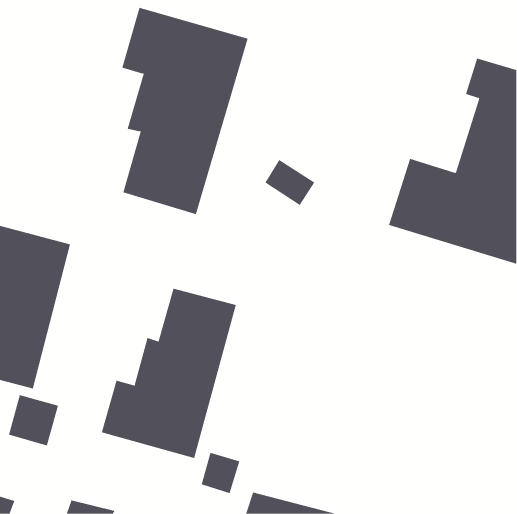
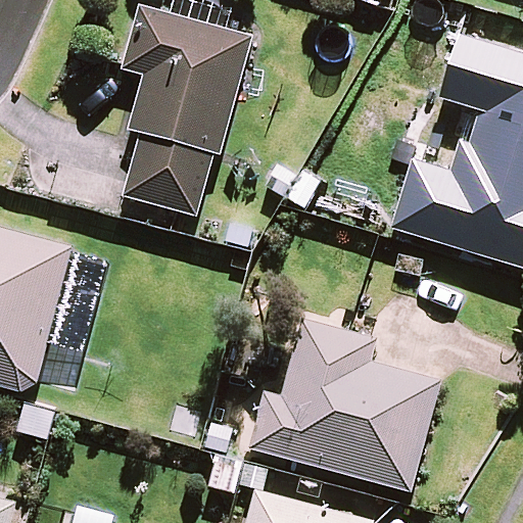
building: [101,288,237,459] -> none
building: none -> [249,320,442,490]

